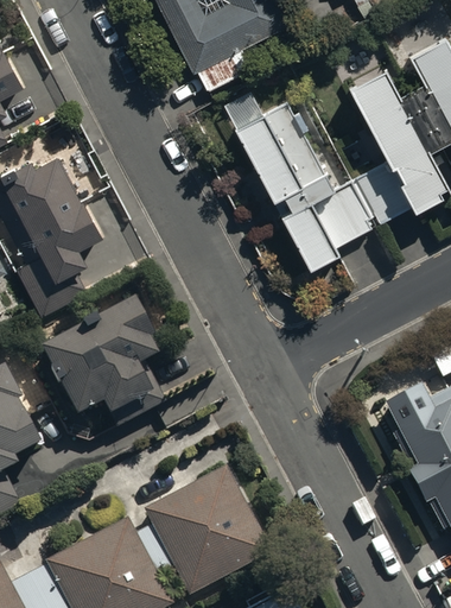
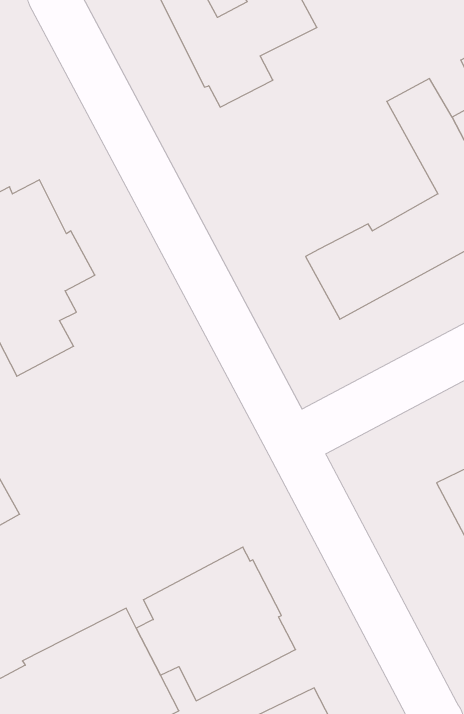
building: [233,112,331,215] -> none
building: [40,290,165,423] -> none

